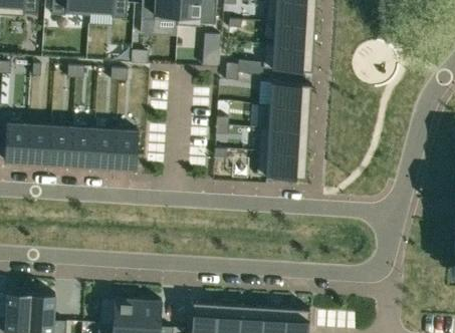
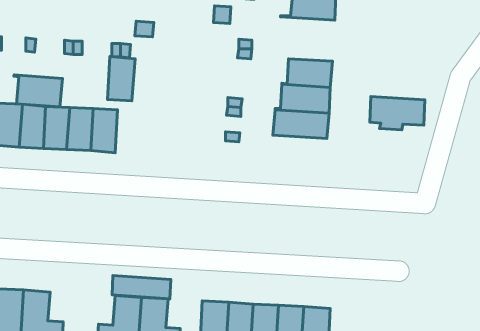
building: [262,45,313,72] -> none
building: none -> [14,75,62,107]
building: [113,129,139,170] -> [107,57,135,101]
building: [256,152,306,183] -> [370,97,425,130]
building: none -> [112,275,171,299]

